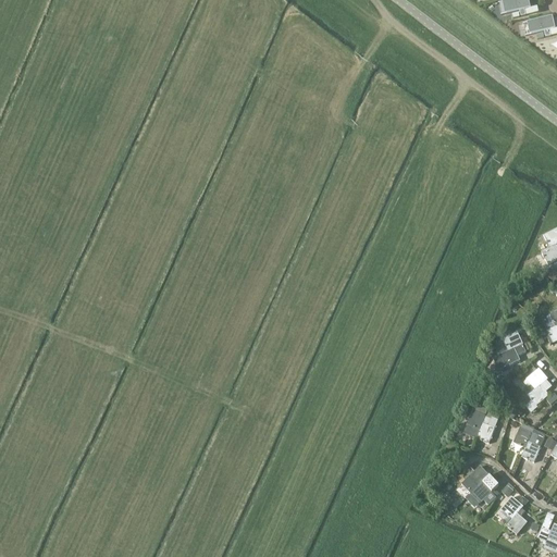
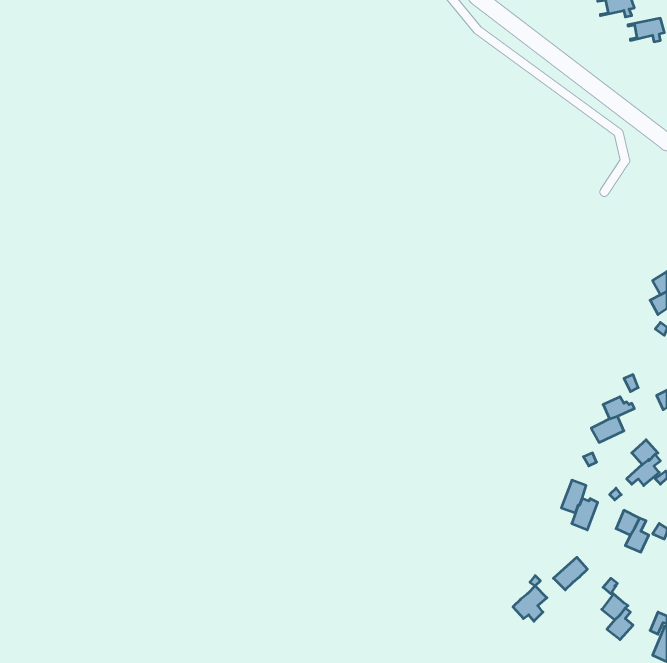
building: [471,474,499,504] -> [513,586,547,621]

